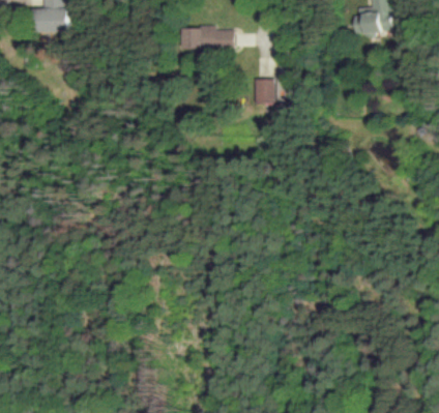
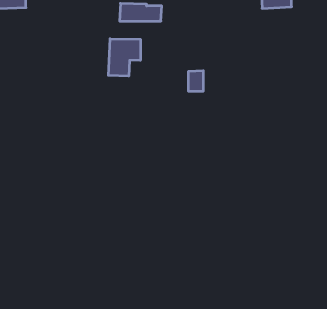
building: none -> [108,39,140,76]
building: [254,79,272,104] -> [188,71,203,91]

